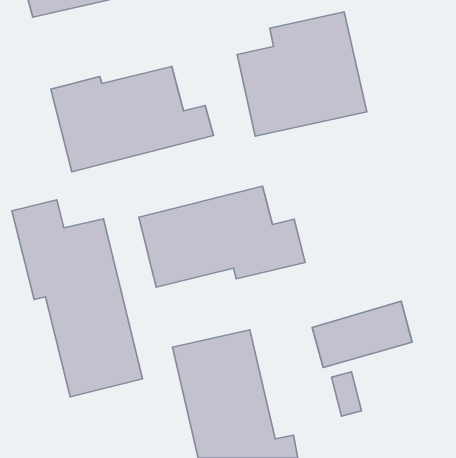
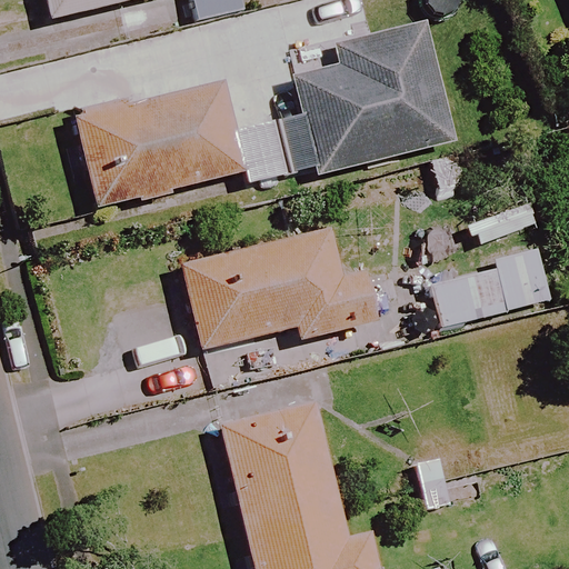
building: [12,200,143,397] -> none
building: [312,301,412,368] -> [429,248,551,329]

